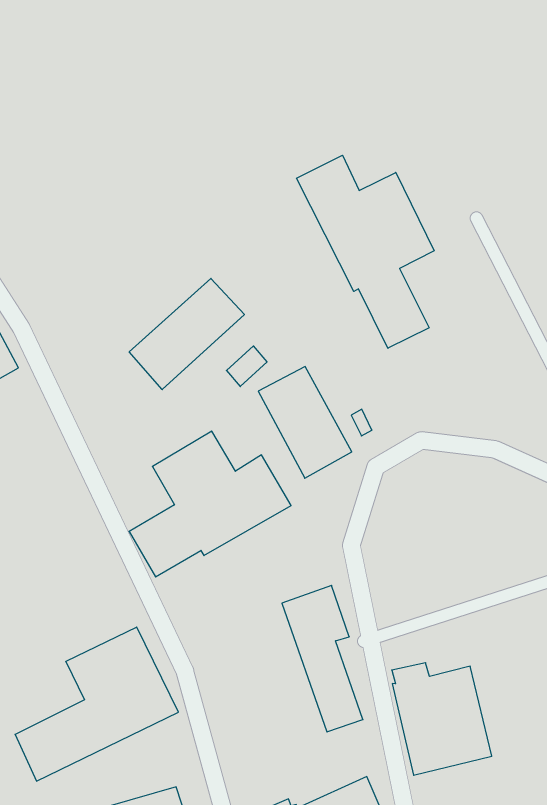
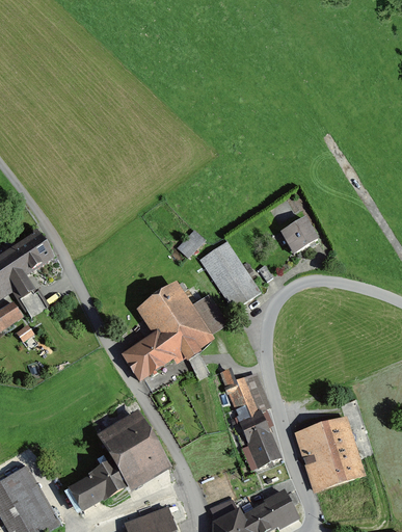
building: [297,155,434,348] -> none
building: [129,278,244,390] -> none
building: none -> [285,218,318,251]

